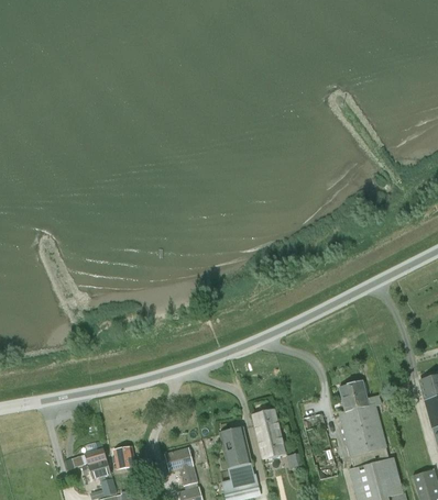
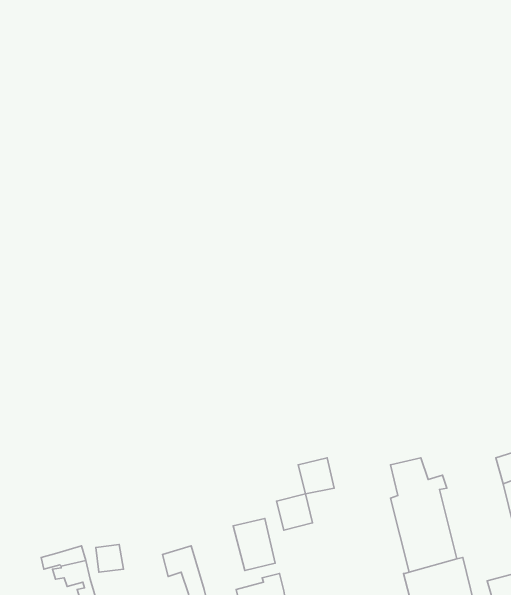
building: [258,431,285,458] -> [298,458,334,494]

